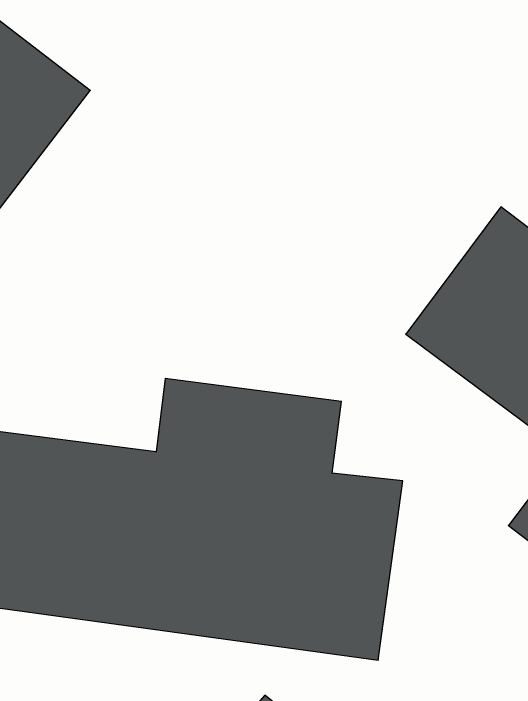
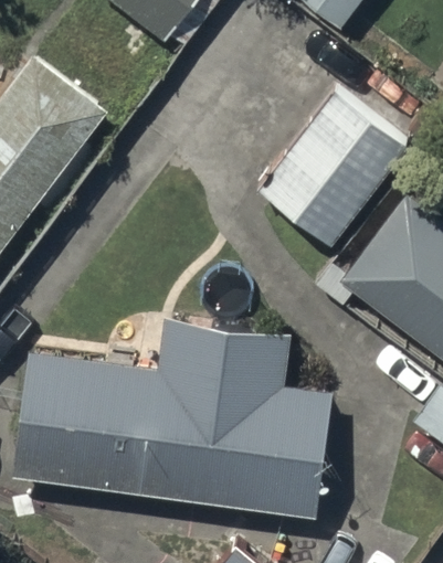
building: none -> [257,91,408,247]

